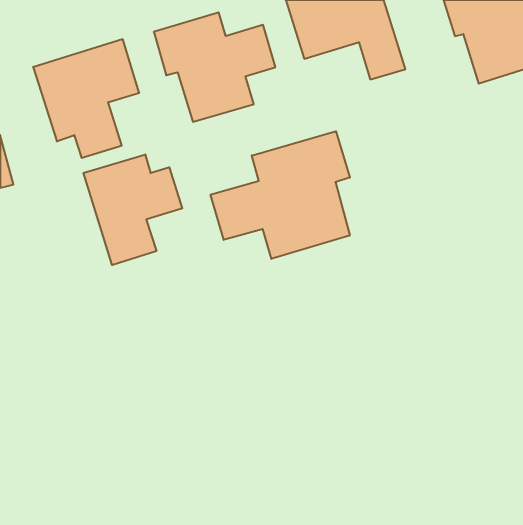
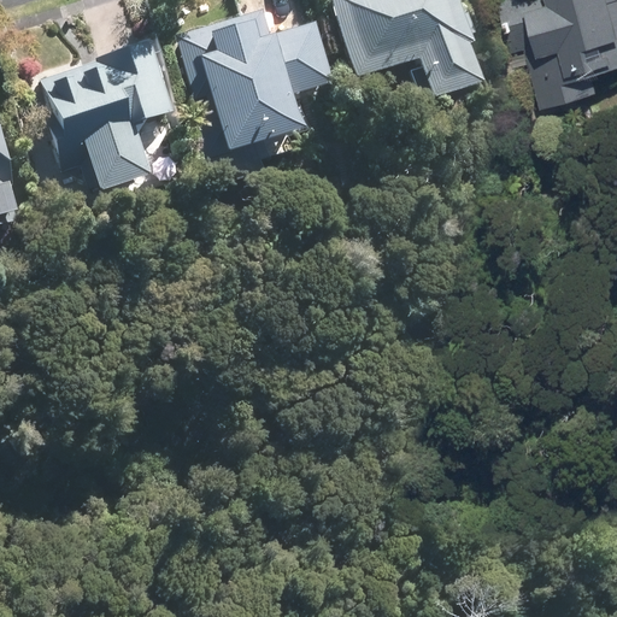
building: [211,131,350,259] -> none
building: [83,154,182,265] -> none

